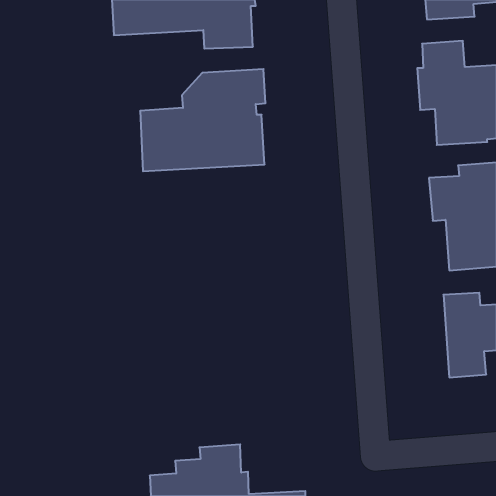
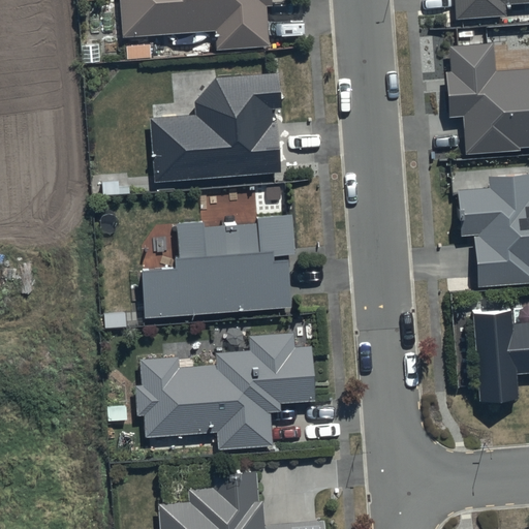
building: none -> [142,215,295,317]
building: none -> [133,334,316,448]

